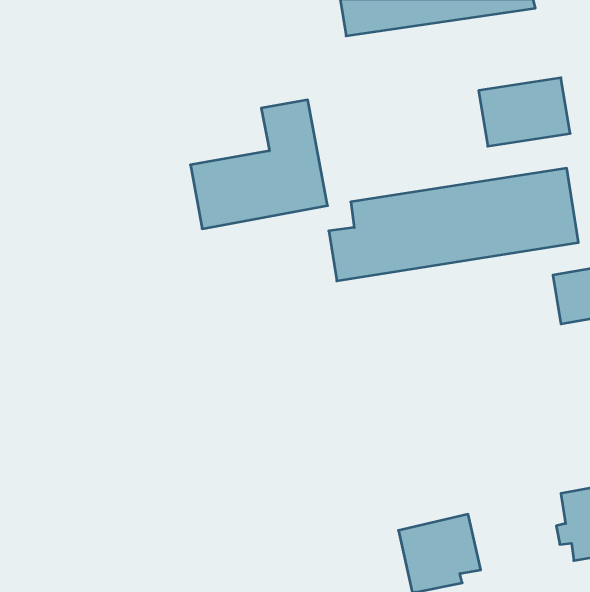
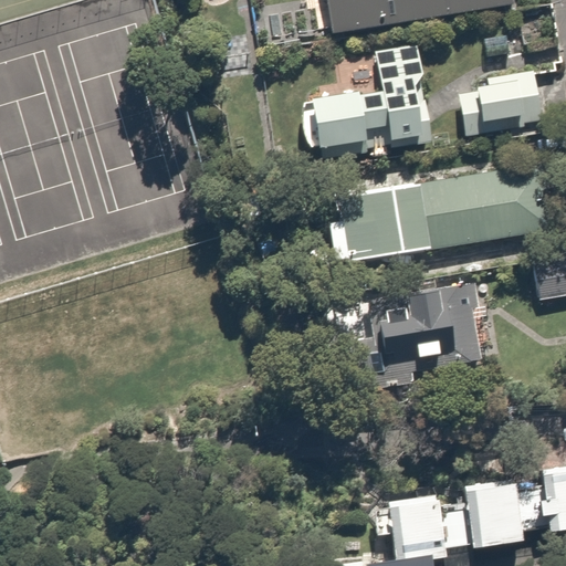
building: [190,100,328,229] -> [305,40,436,163]
building: none -> [366,281,484,360]
building: none -> [459,474,525,548]

